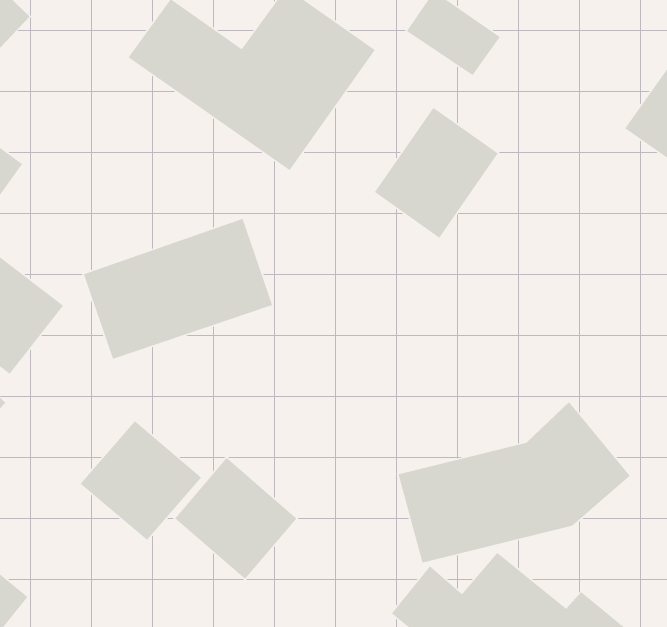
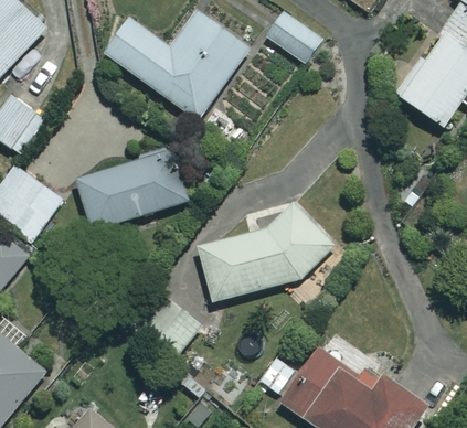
building: [374,107,499,239] -> none
building: [398,401,631,563] -> [197,203,335,299]
building: [80,420,202,541] -> none

